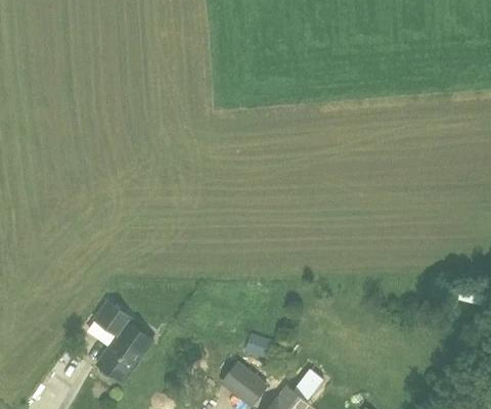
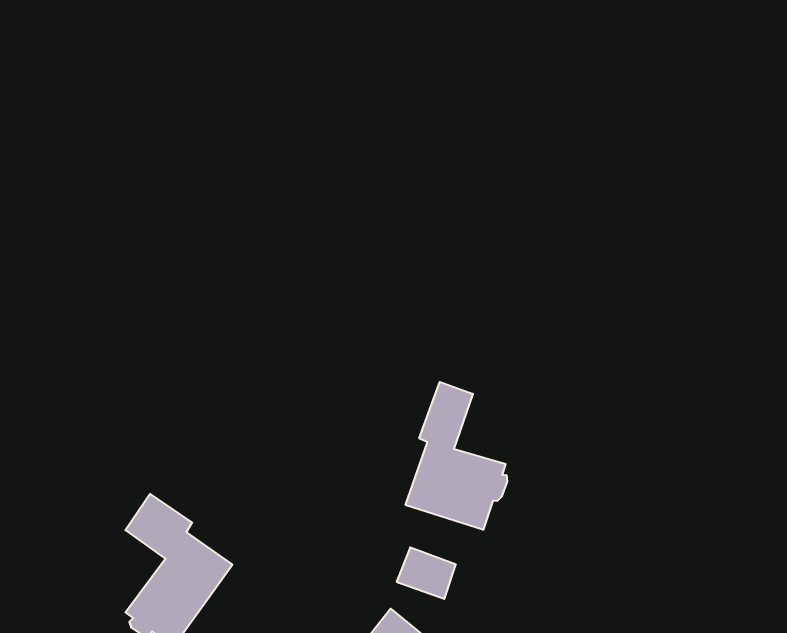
building: none -> [406,382,507,530]

